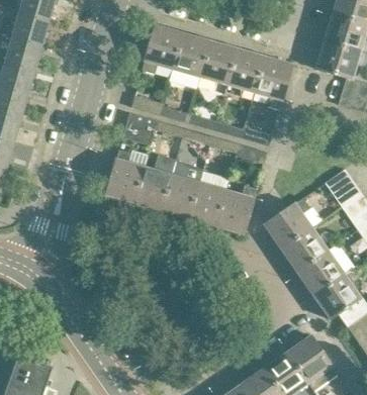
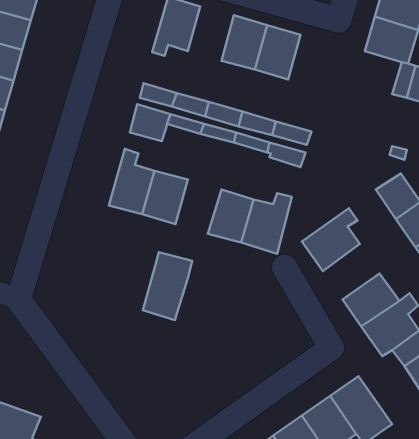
building: [171,32,208,77] -> none
building: [253,56,292,109] -> none
building: [161,163,201,218] -> [143,252,192,320]
building: [281,226,328,272] -> none

